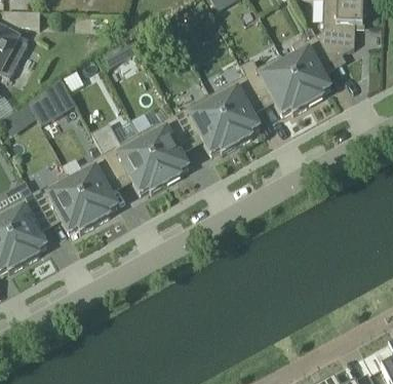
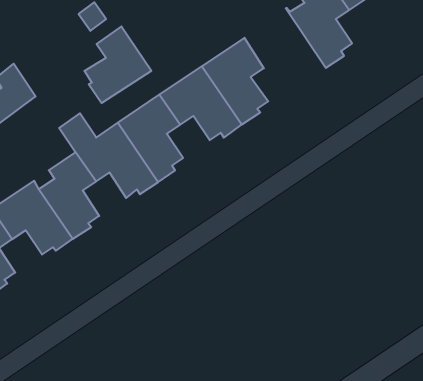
building: [240,53,308,114] -> none
building: none -> [84,26,151,103]

